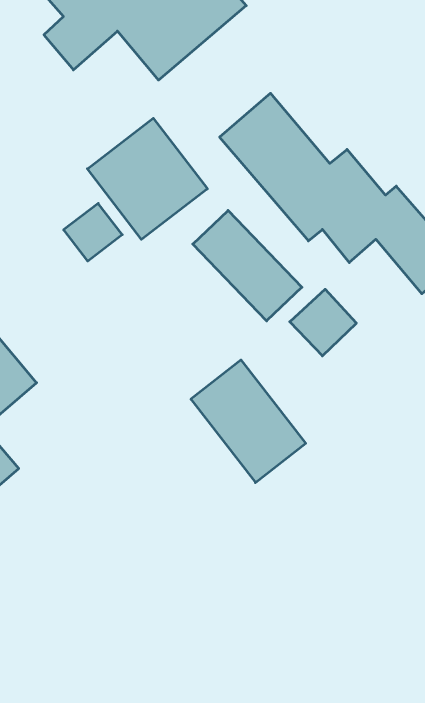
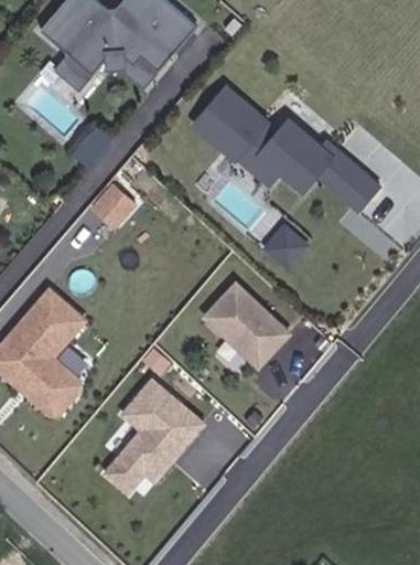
building: [87,118,207,239] -> none
building: [193,210,302,321] -> none
building: none -> [98,377,205,499]

